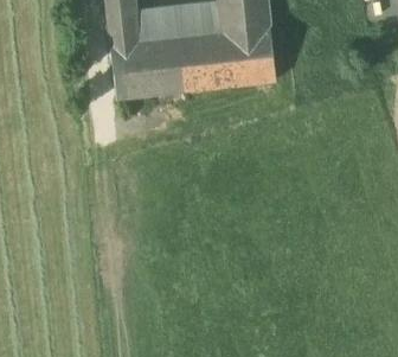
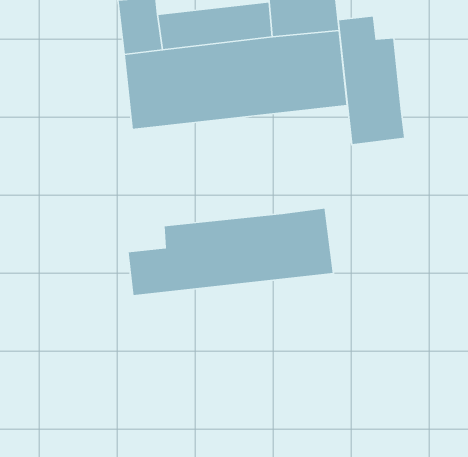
building: none -> [338,16,405,145]
building: none -> [128,208,334,296]

